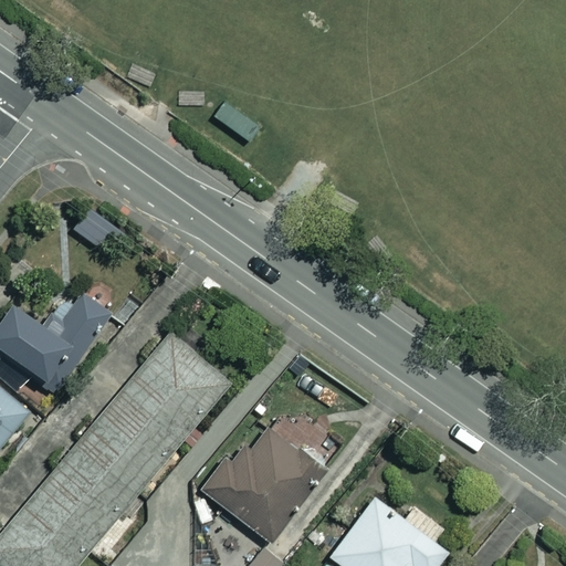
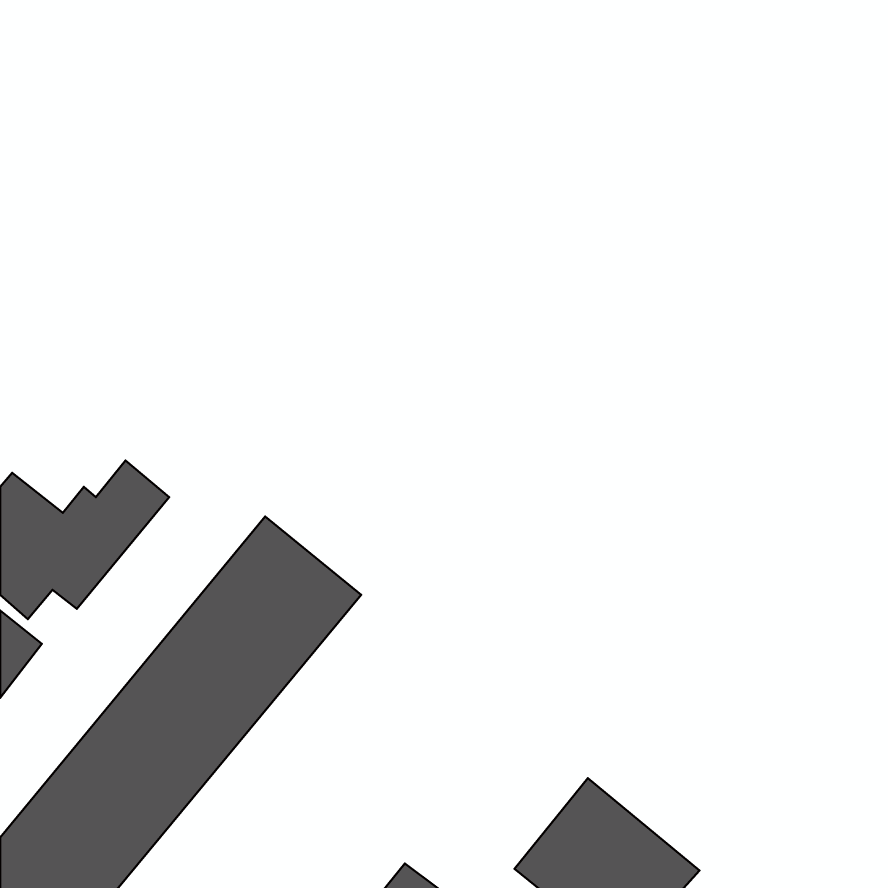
building: [199,409,333,545] -> none

